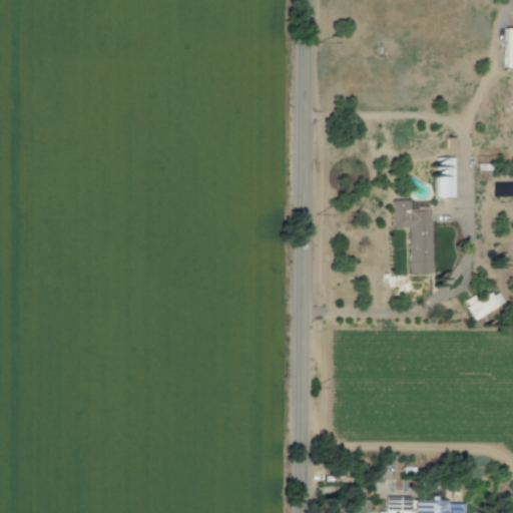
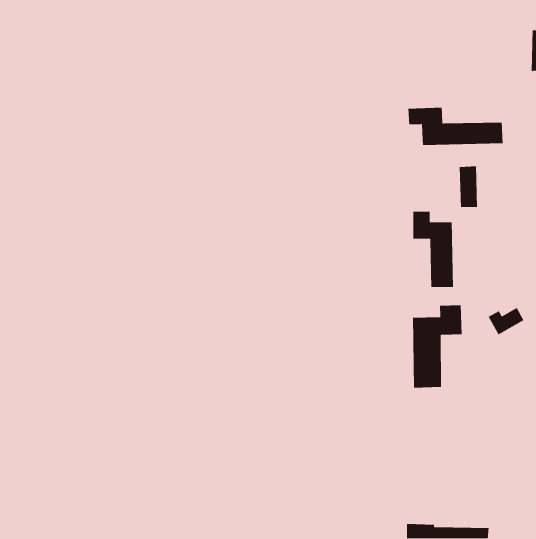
building: none -> [408,107,504,146]
building: none -> [412,304,462,388]

